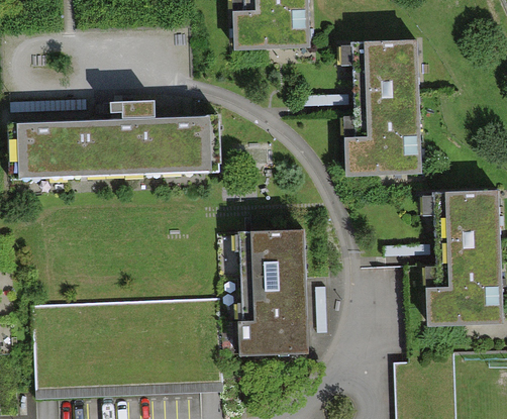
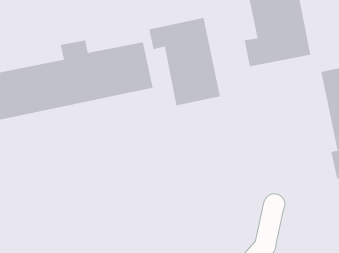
building: none -> [149,17,221,106]
building: [231,228,313,353] -> none

